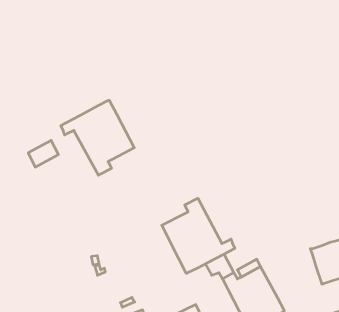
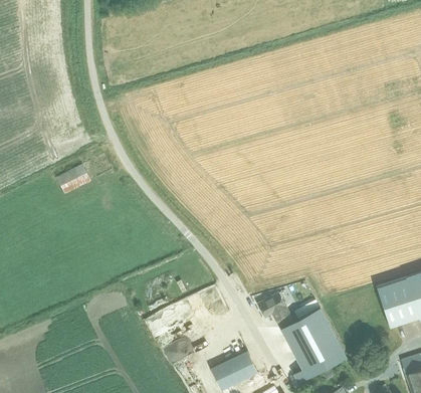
building: [61,100,134,175] -> none
building: [162,198,235,273] -> none

